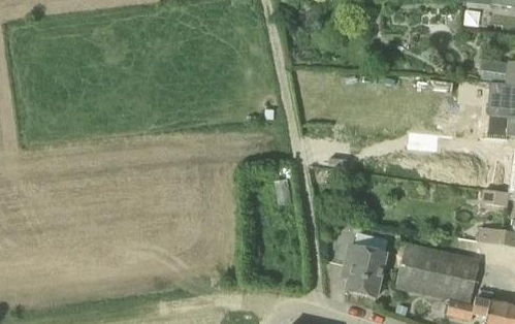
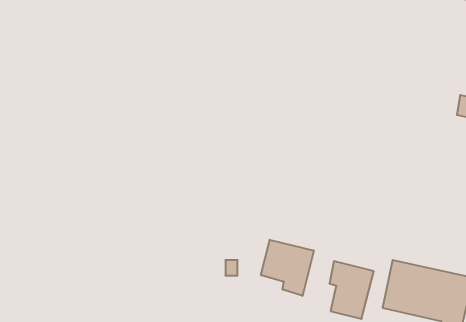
building: none -> [261,240,314,296]

